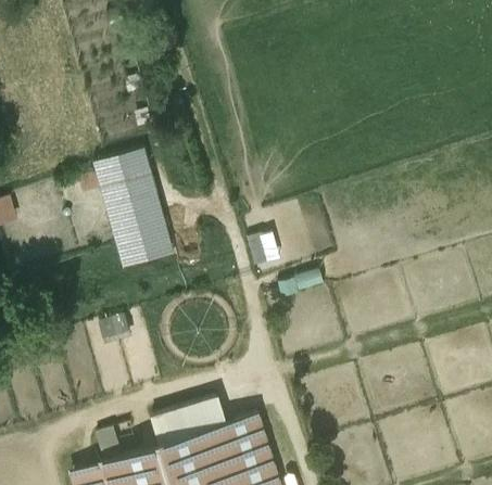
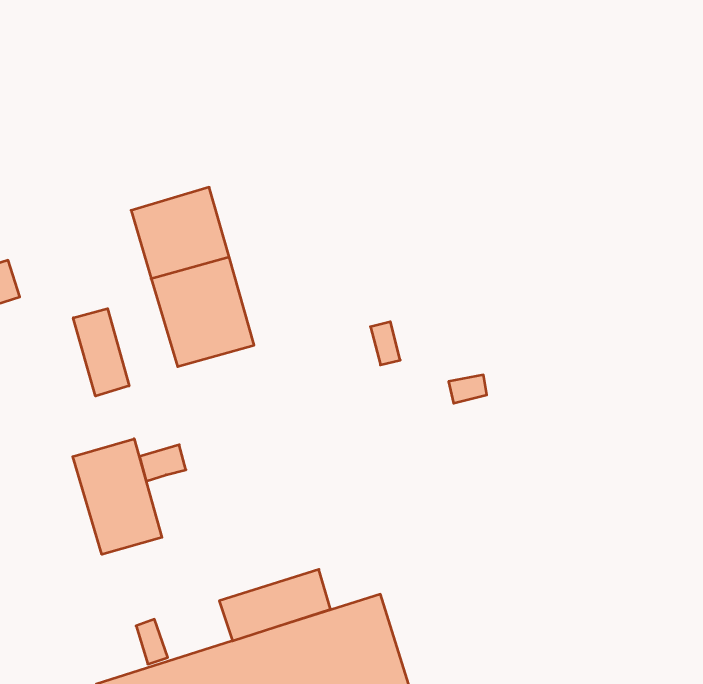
building: none -> [73,309,129,396]
building: none -> [73,439,162,554]

